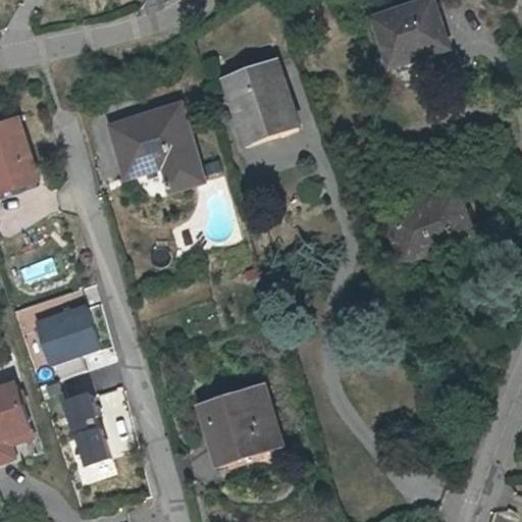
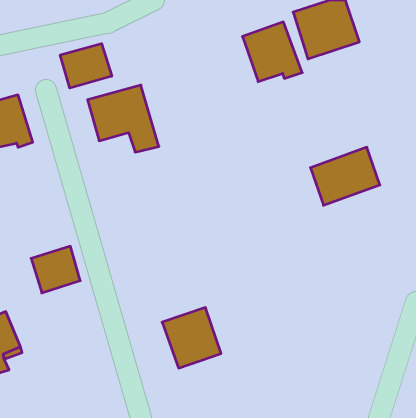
building: none -> [60,44,112,88]
building: [220,61,295,136] -> [242,22,302,82]
building: [72,395,118,465] -> none

